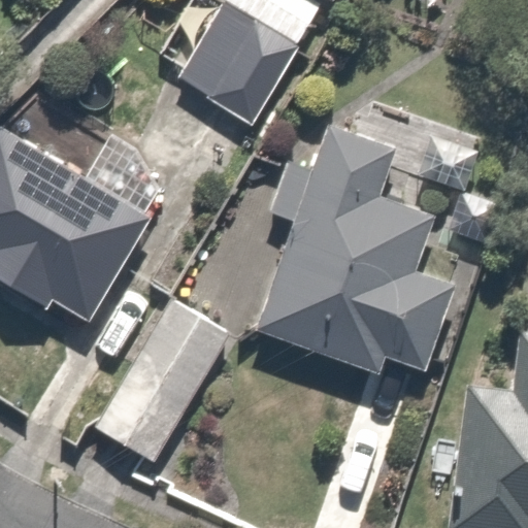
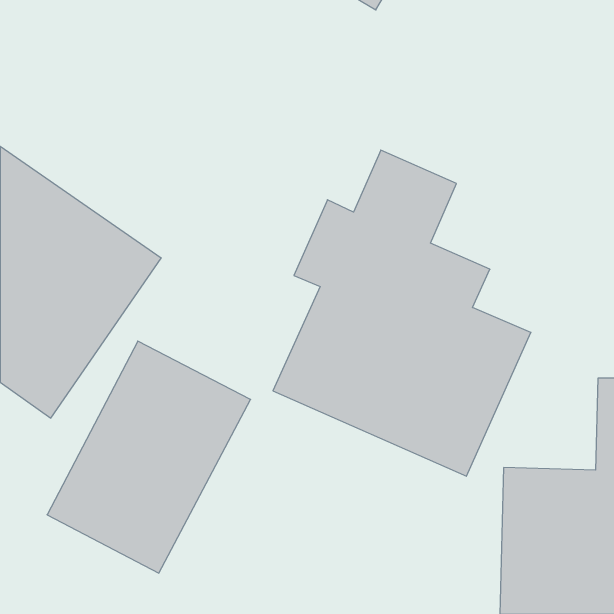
building: [171,18,296,140] -> none

